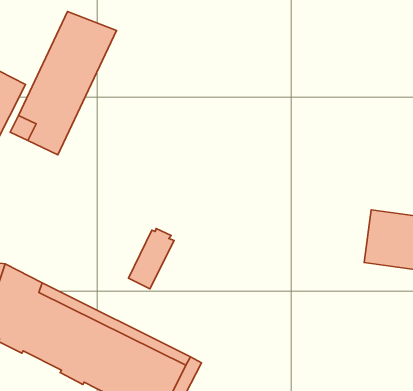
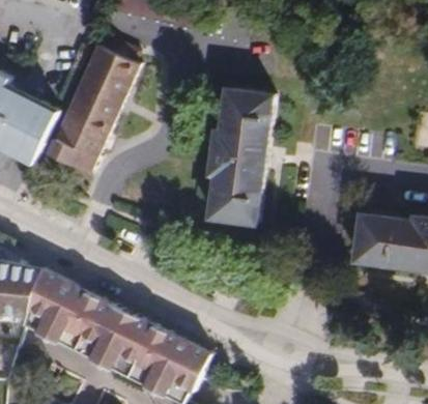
building: none -> [209,88,274,223]
building: [128,228,174,289] -> none

